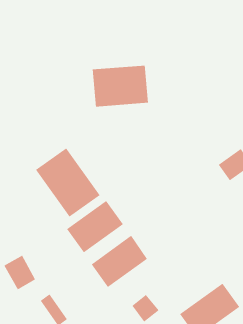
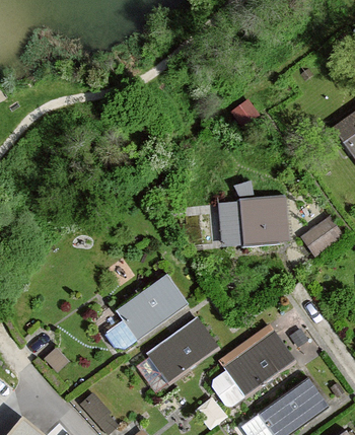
building: [92,65,149,107] -> [215,197,285,248]
building: [35,147,101,217] -> none
building: none -> [219,324,294,395]

